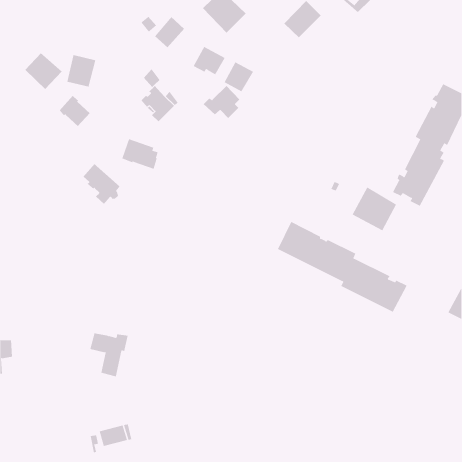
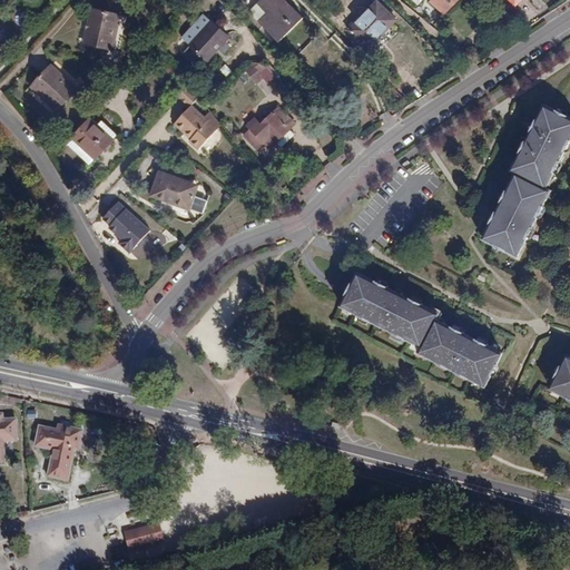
building: [66,55,96,87] -> [83,8,120,48]
building: [224,62,254,92] -> none
building: [352,186,397,231] -> none
building: [89,333,128,377] -> [33,425,81,480]

